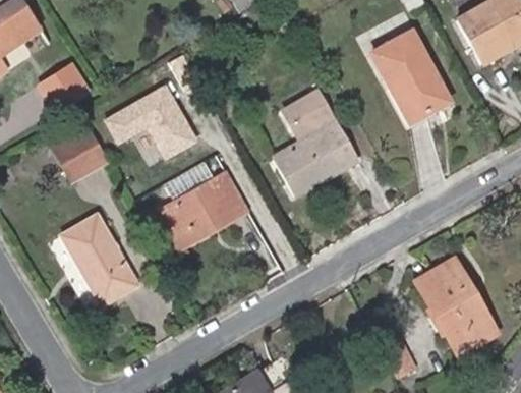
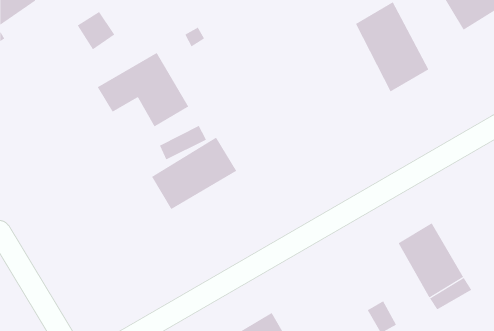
building: [47,64,86,105] -> [77,11,115,50]
building: [273,92,357,197] -> none
building: [55,126,107,178] -> none
building: [61,215,135,303] -> none

